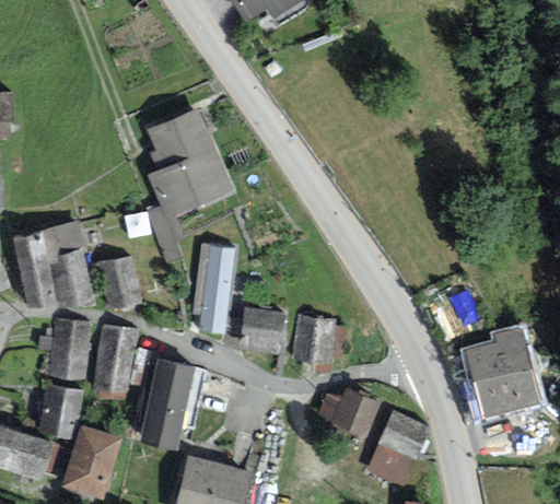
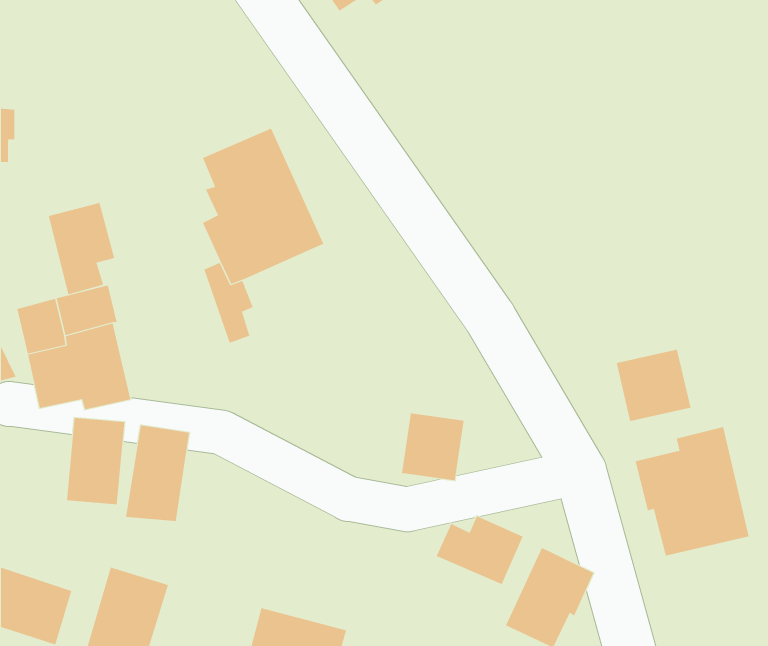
building: none -> [48,202,115,295]
building: [191,244,235,335] -> none
building: [96,256,140,310] -> none
building: none -> [616,349,691,422]
building: [238,307,283,353] -> none
building: [138,359,207,450] -> none
building: [38,384,82,437] -> none

